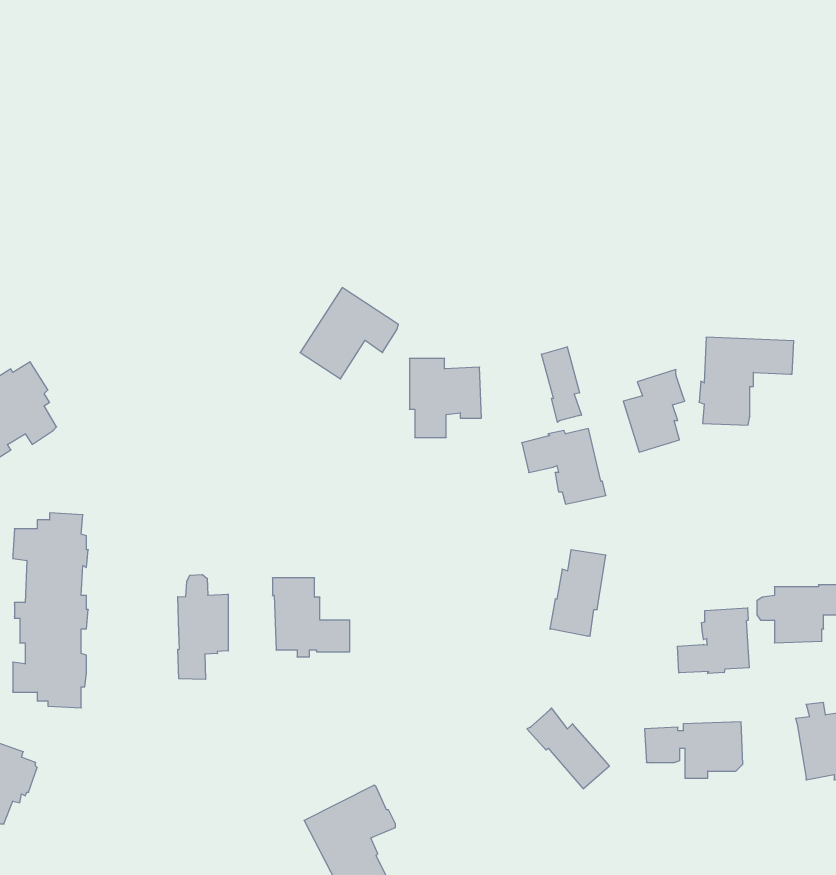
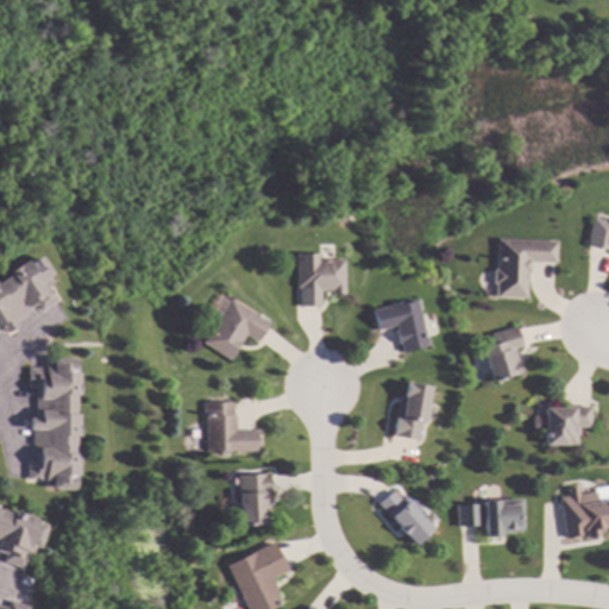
building: [300,288,398,379] -> [205,297,271,359]
building: [541,347,581,422] -> none
building: [623,370,685,452] -> [483,325,525,381]
building: [178,575,228,679] -> none
building: [677,608,749,674] -> none
building: none -> [239,472,272,525]

